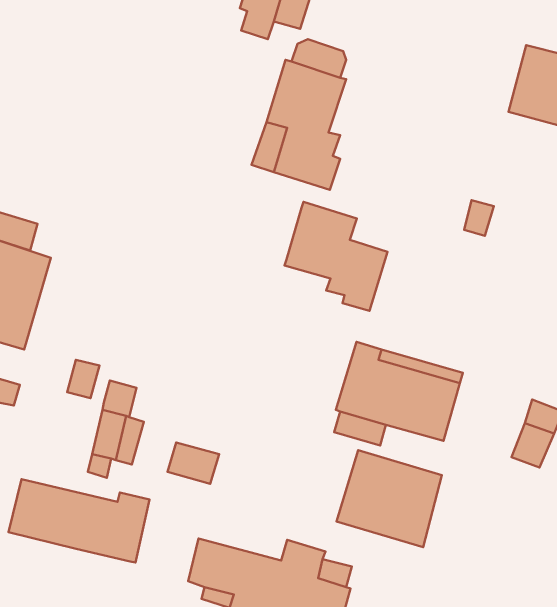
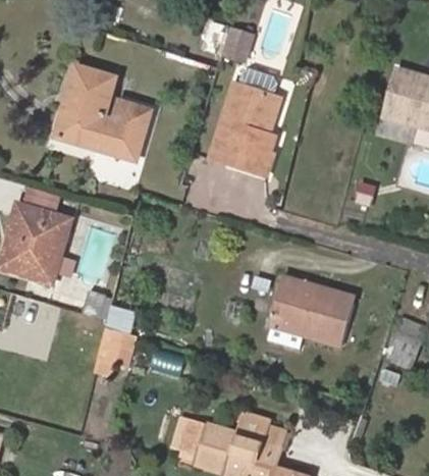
building: none -> [55,65,154,157]
building: [284,202,387,311] -> none
building: [336,450,442,547] -> none
building: [8,479,150,563] -> none

